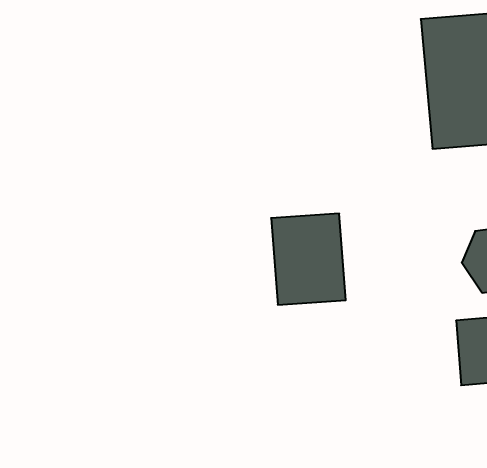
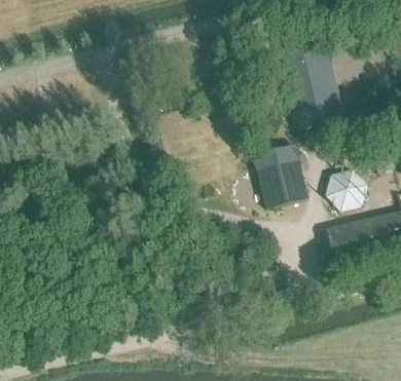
building: [271,214,346,305] -> [254,143,307,204]

